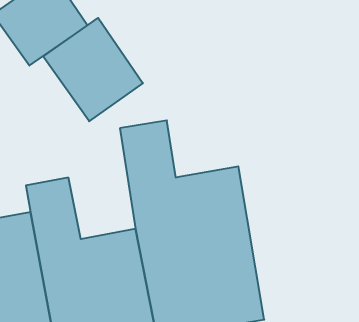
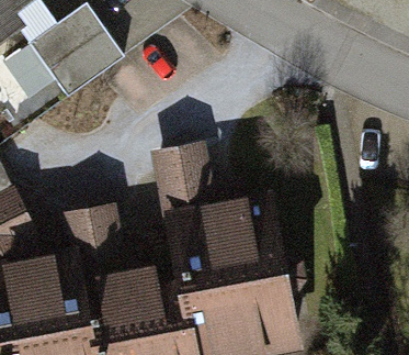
building: [43,18,143,121] -> none

